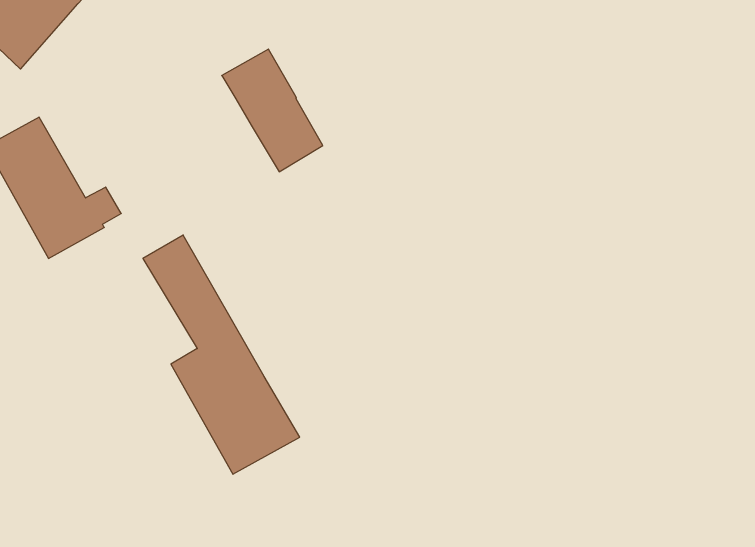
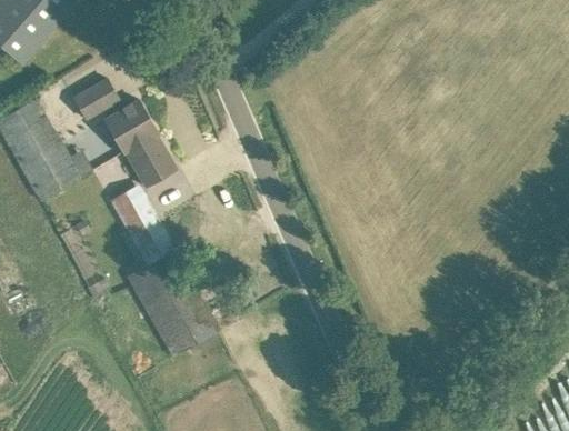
building: [222,49,323,172] -> [103,98,176,186]
building: none -> [73,78,118,118]

